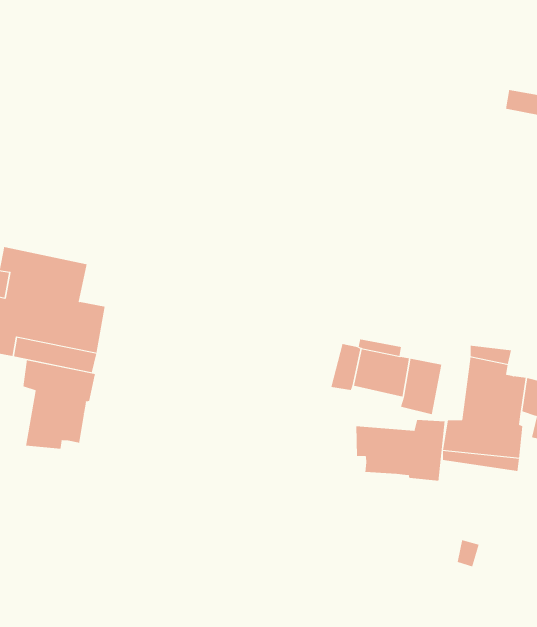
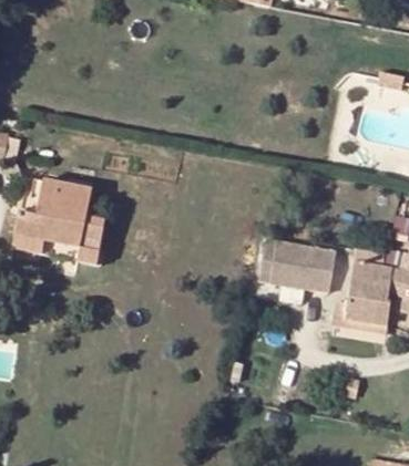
building: [23,360,95,450] -> none
building: [356,419,445,482] -> none

